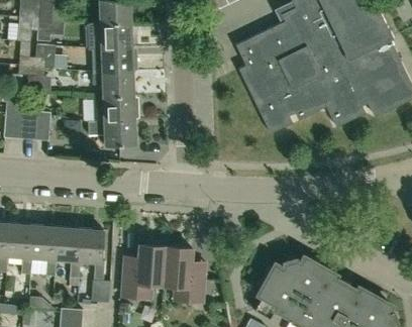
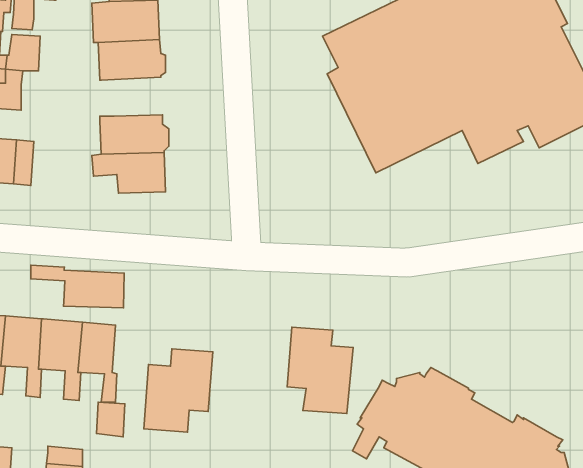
building: [94,72,133,97] -> none
building: none -> [31,265,124,308]
building: [163,248,205,304] -> [287,327,353,413]

